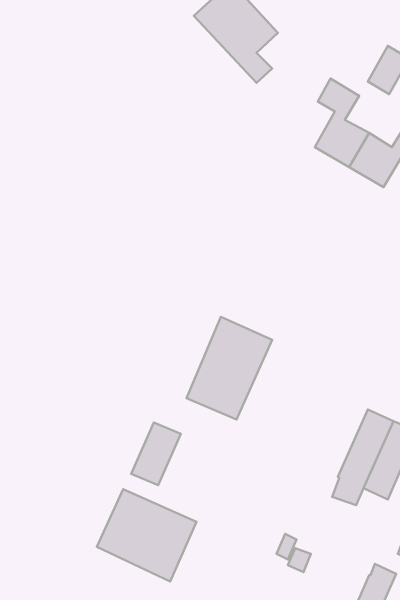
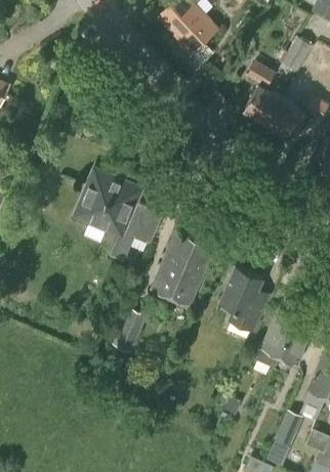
building: none -> [77,173,162,262]
building: none -> [219,267,267,332]
building: [97,489,197,582] -> none

